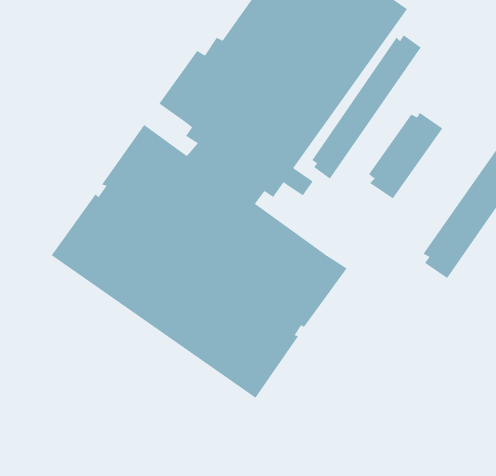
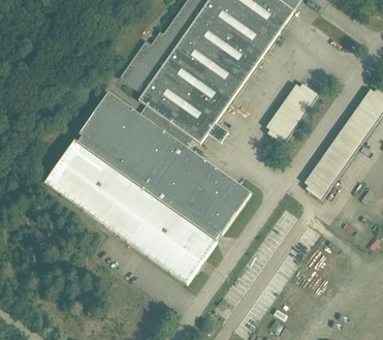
building: [311,35,422,179] -> none

